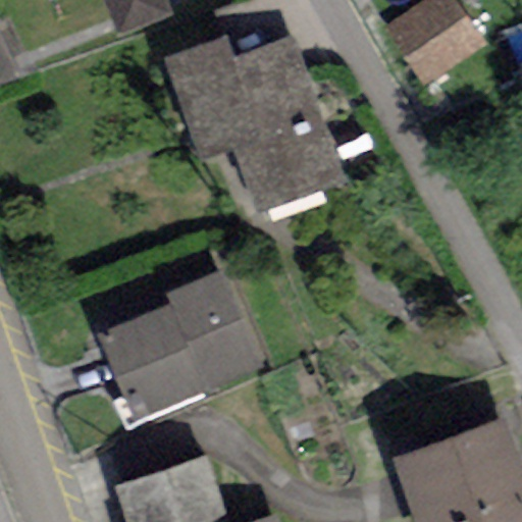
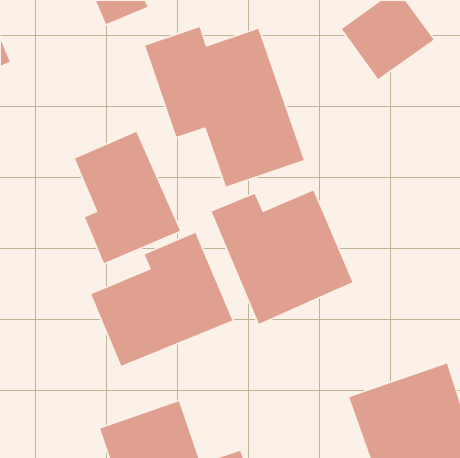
building: none -> [74,131,181,264]
building: none -> [210,190,354,325]

